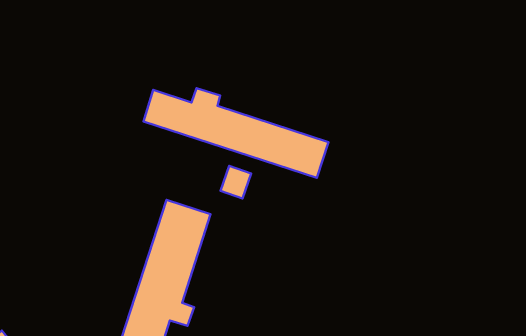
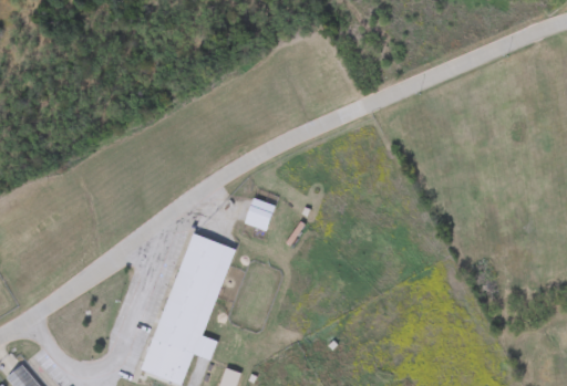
building: [144,88,329,178] -> none

